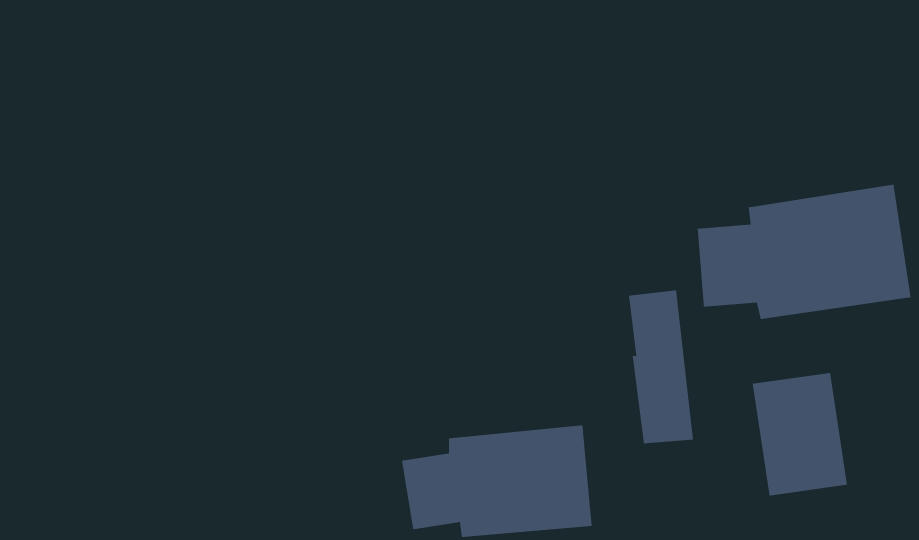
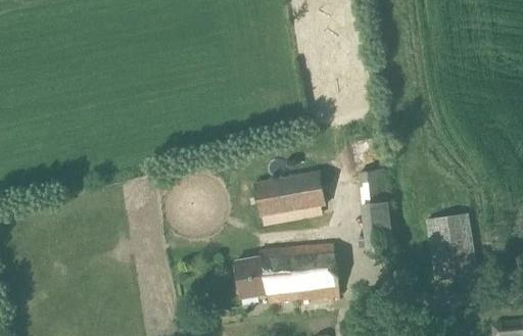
building: [697,184,911,320] -> none
building: none -> [253,169,327,218]

